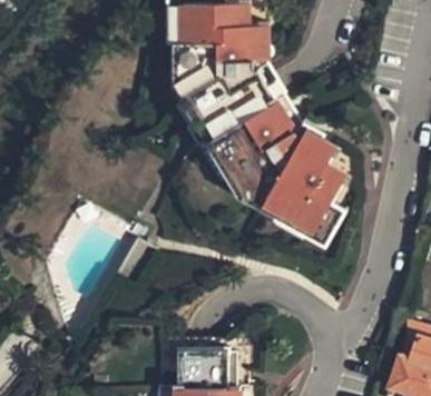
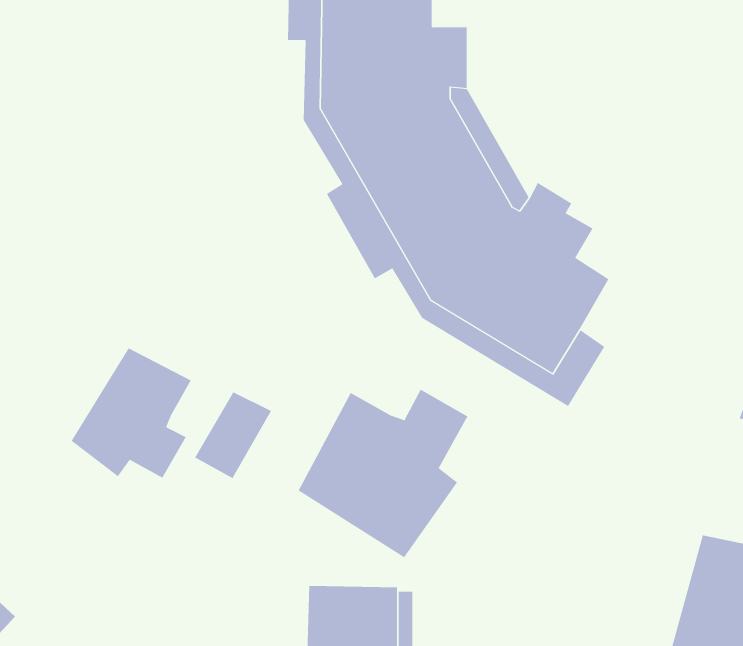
building: none -> [71,347,191,479]
building: none -> [298,389,468,558]

